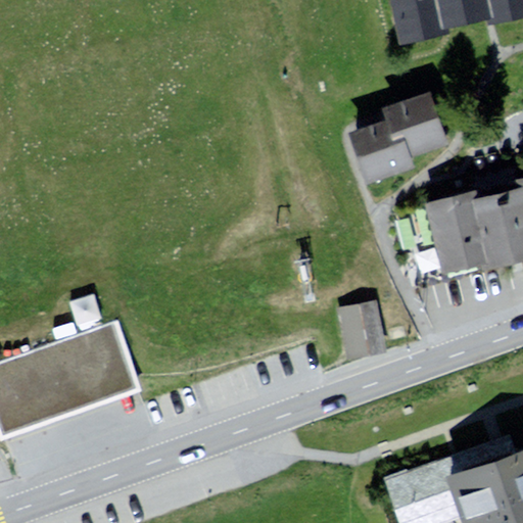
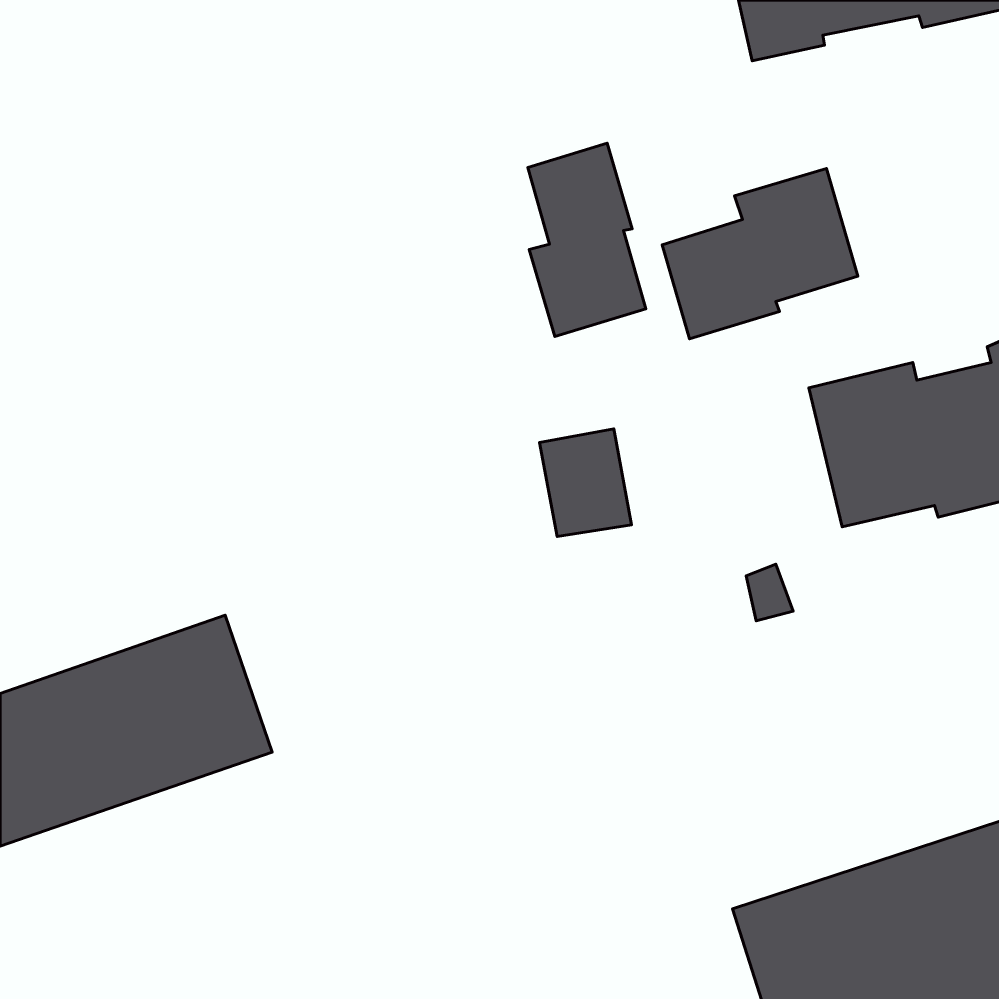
building: none -> [528,143,646,337]
building: [338,301,386,358] -> [539,429,631,537]

